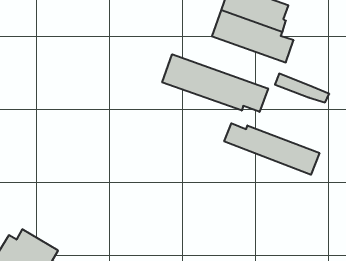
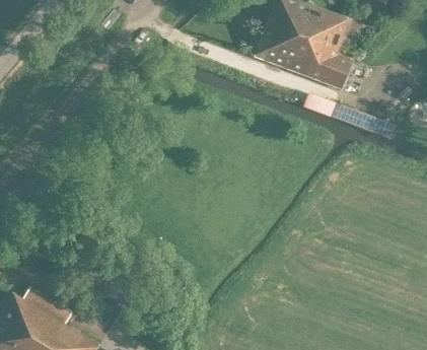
building: [162,54,268,112] -> none
building: [224,123,319,175] -> none

